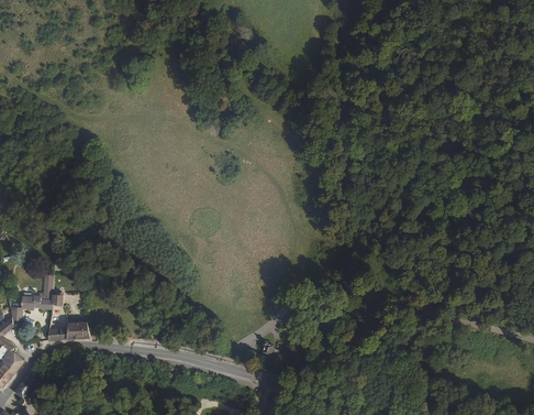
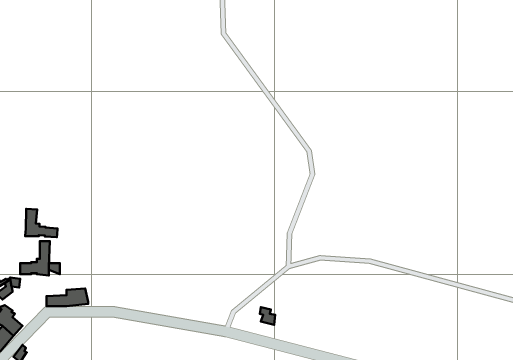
building: none -> [25,209,58,237]

